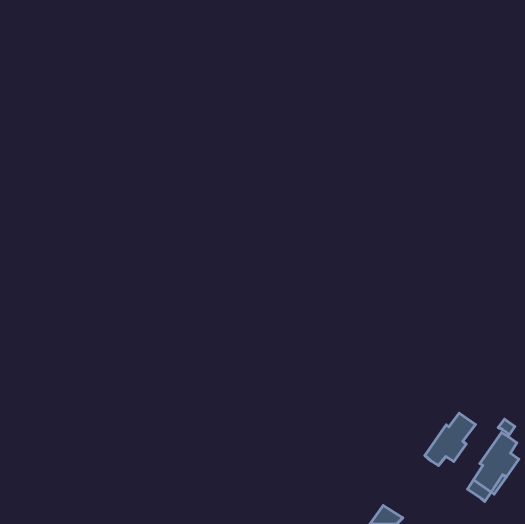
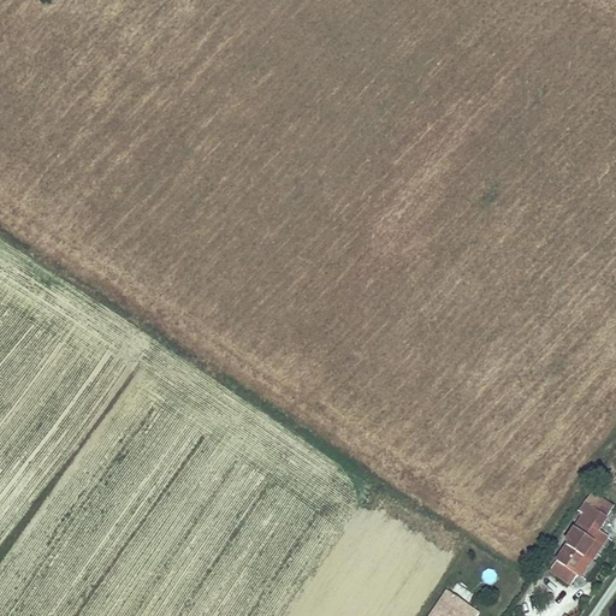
building: [425,413,475,466] -> none

